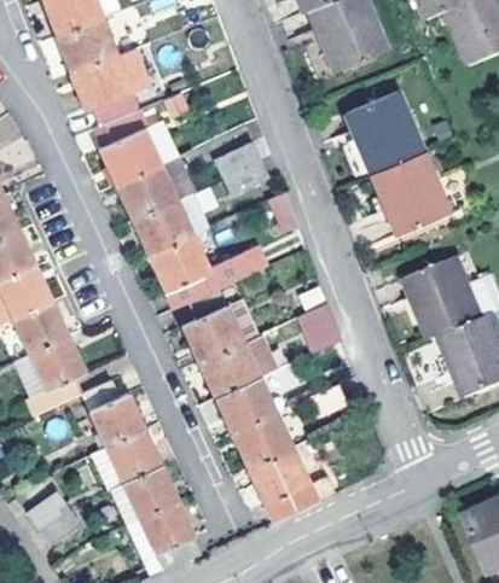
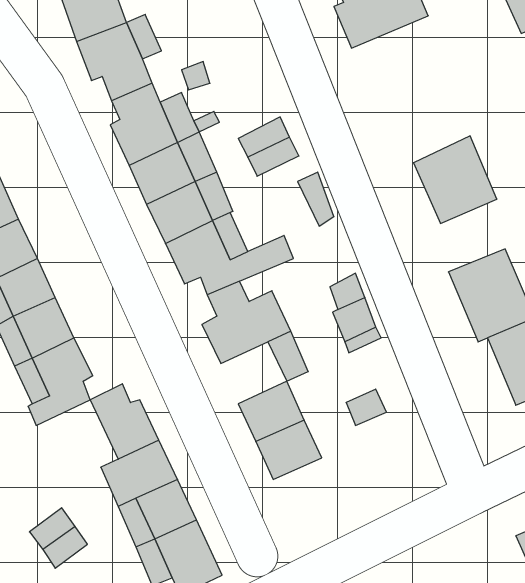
building: [344,92,423,180] -> none
building: [199,340,259,396] -> none
building: [246,444,333,519] -> none

